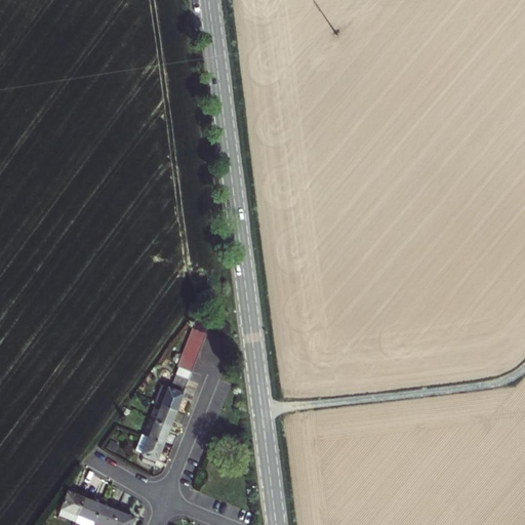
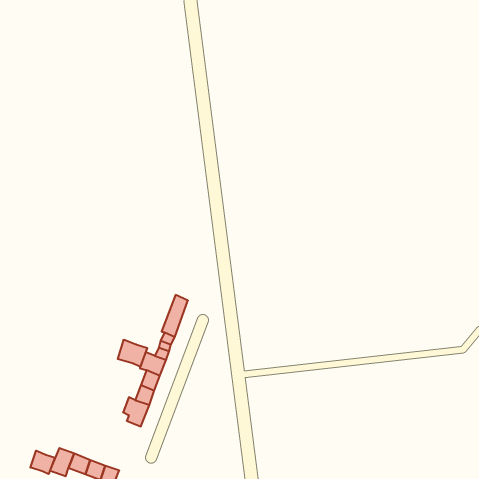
building: none -> [118,340,147,367]
building: none -> [30,451,55,474]

